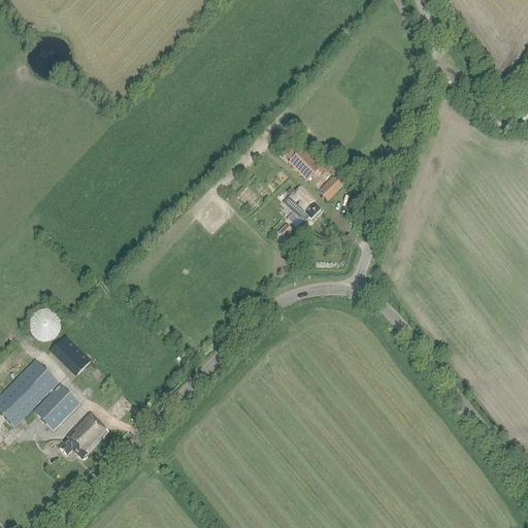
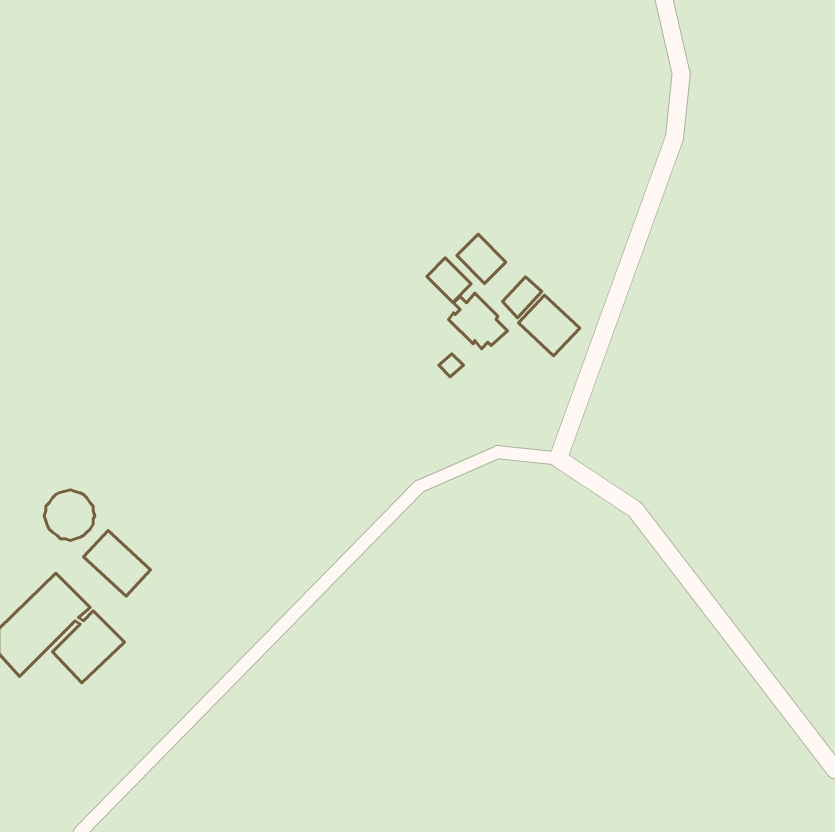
building: none -> [427,258,471,302]
building: none -> [518,295,580,356]
building: [58,411,108,459] -> none

